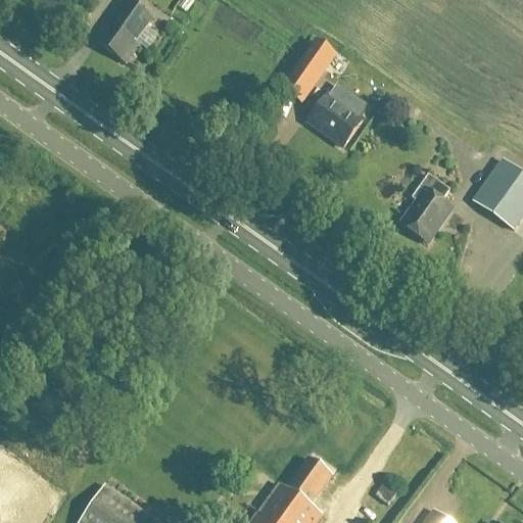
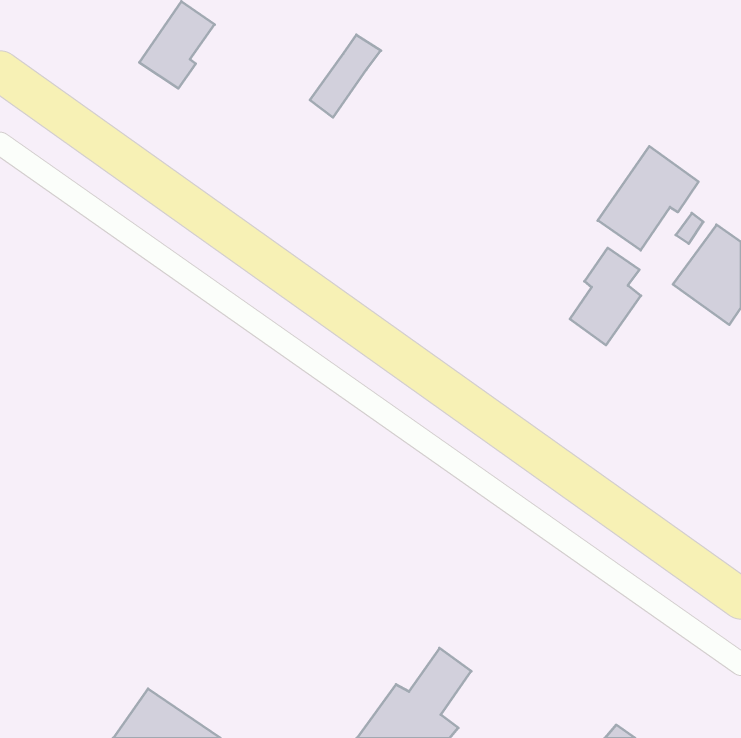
building: [284,43,334,101] -> [310,35,381,117]
building: [307,88,363,147] -> none
building: none -> [598,146,698,250]

